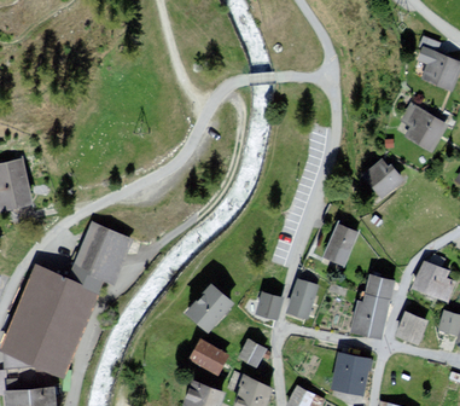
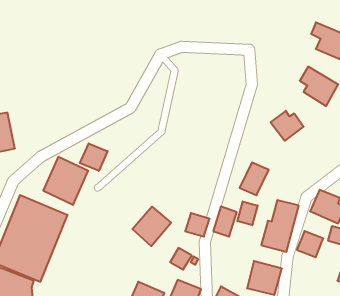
building: none -> [80,143,108,171]
building: none -> [237,201,258,225]
building: [188,338,229,376] -> none

